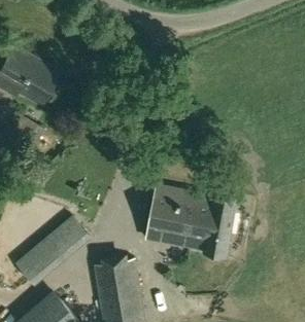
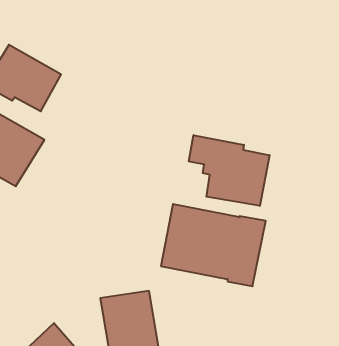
building: none -> [189,135,270,206]
building: [16,220,88,284] -> none

